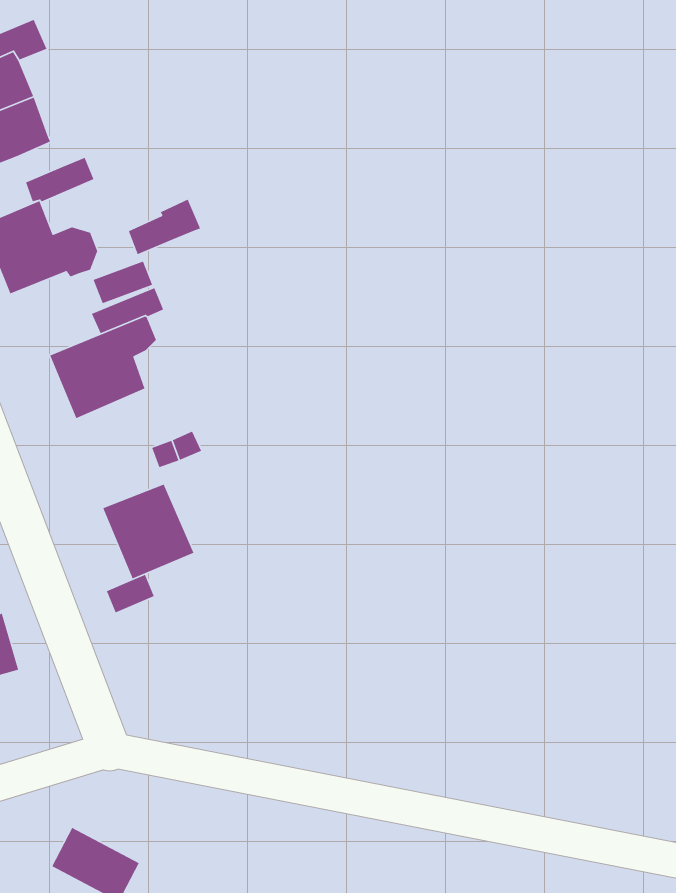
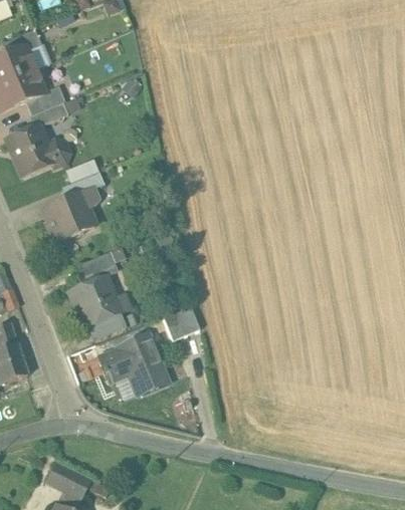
building: [128,199,201,255] -> [26,84,65,114]
building: none -> [163,303,200,339]
building: none -> [99,333,168,394]

